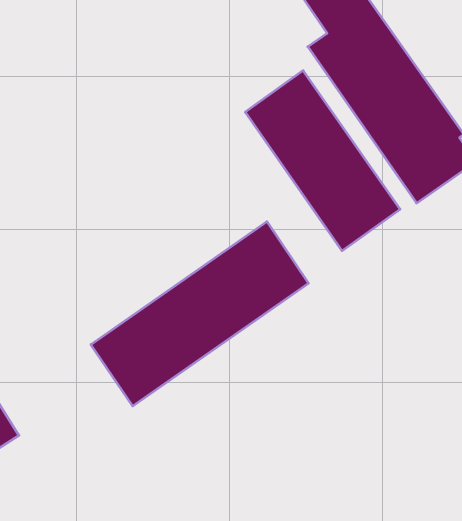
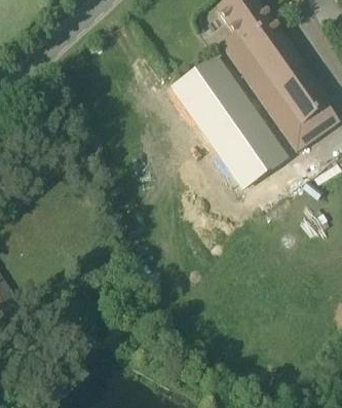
building: [91,222,308,406] -> none

